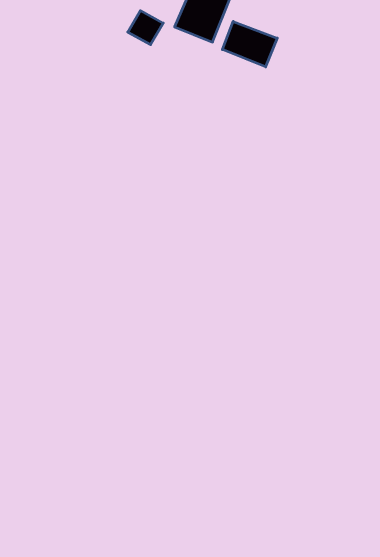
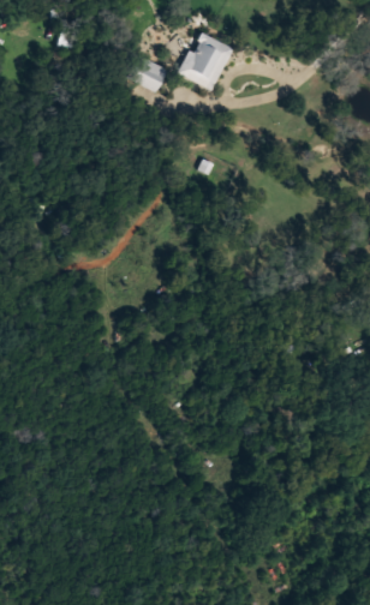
building: [222,21,277,67] -> none

